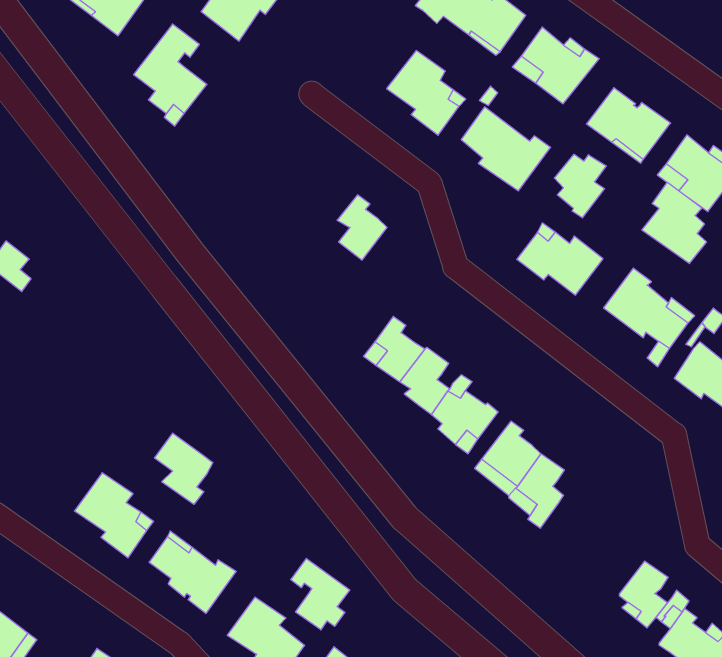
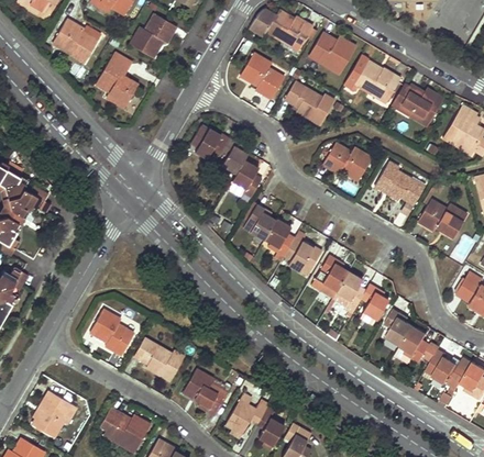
building: [554,154,606,218] -> none
building: none -> [190,125,229,159]
building: [642,182,706,264] -> none
building: none -> [231,159,262,197]
building: [155,433,213,504] -> none
building: none -> [361,283,388,320]
building: none -> [384,309,413,345]
building: [291,558,350,630] -> none

